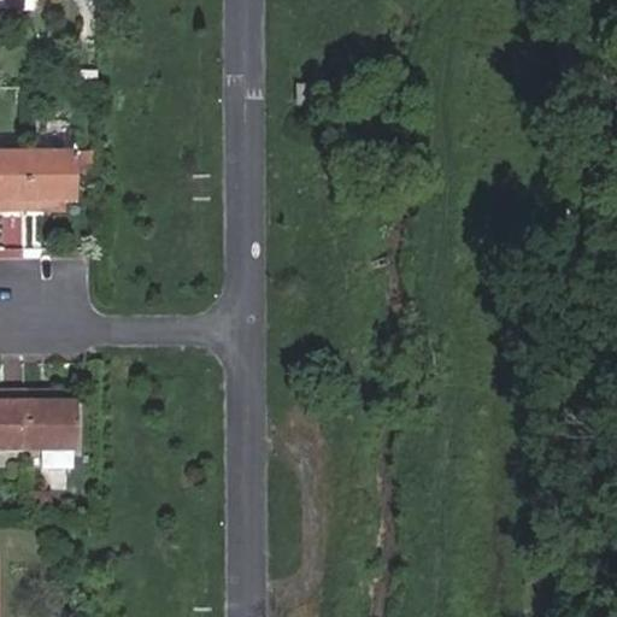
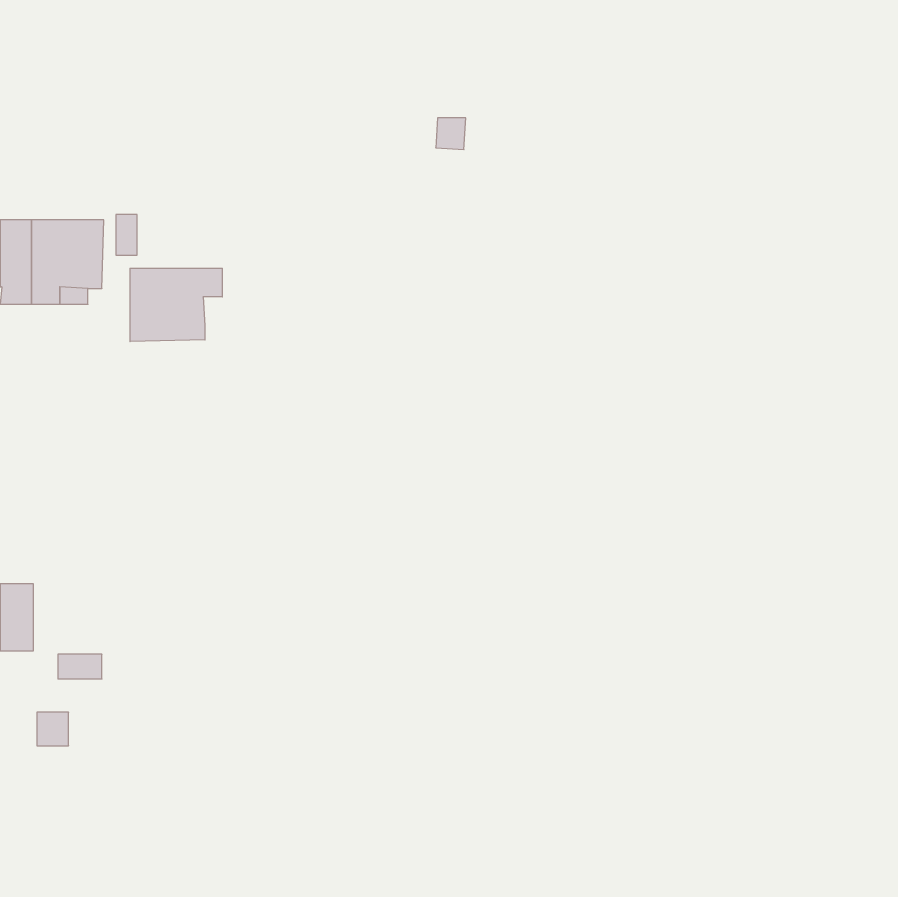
building: none -> [130,268,222,342]
building: [23,399,71,446] -> none

